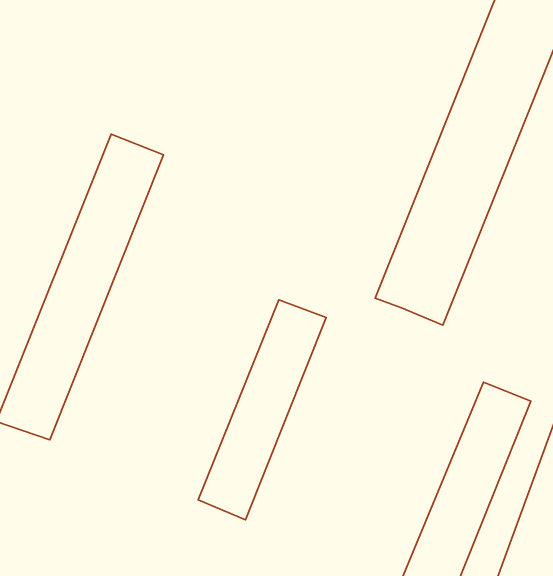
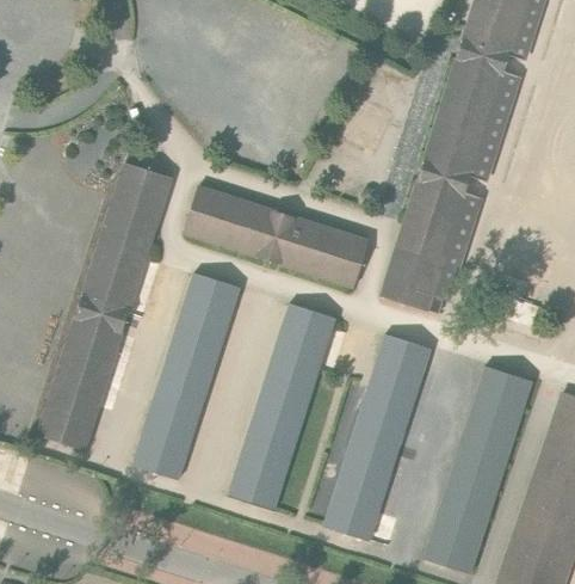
building: none -> [184,186,370,288]
building: none -> [132,273,241,481]
building: none -> [324,334,432,541]

